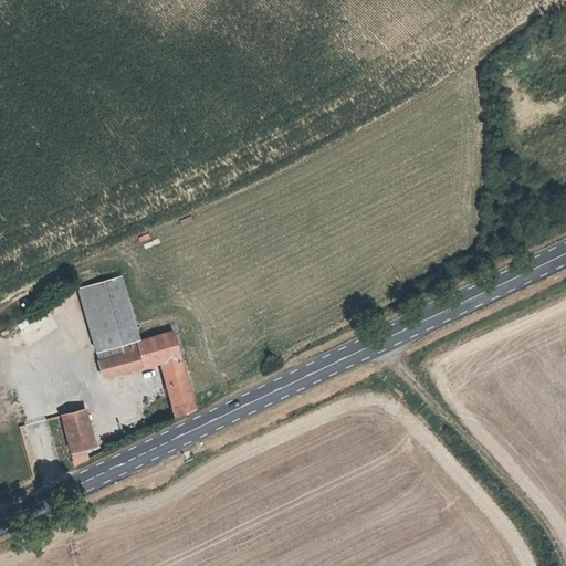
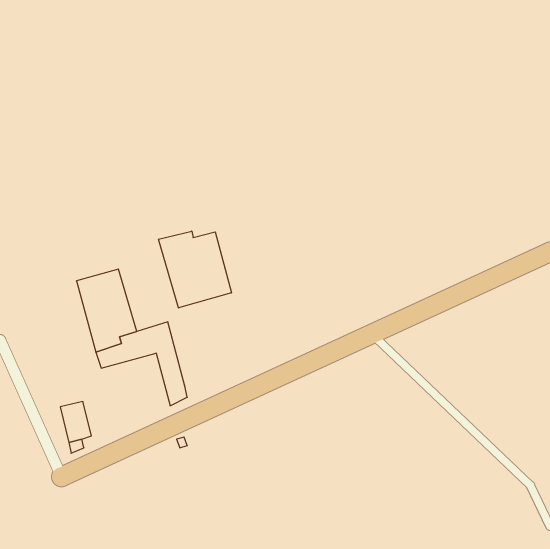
building: none -> [158,231,231,308]

